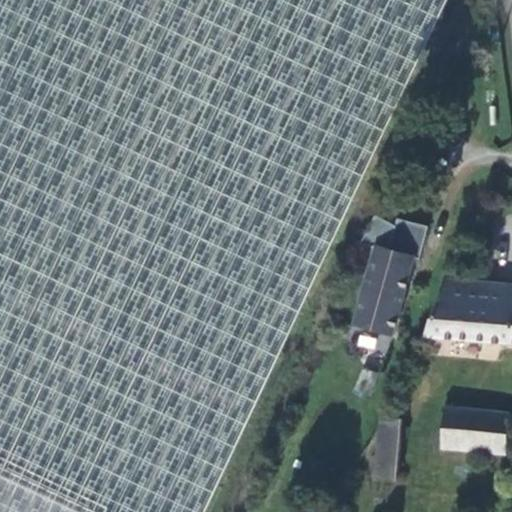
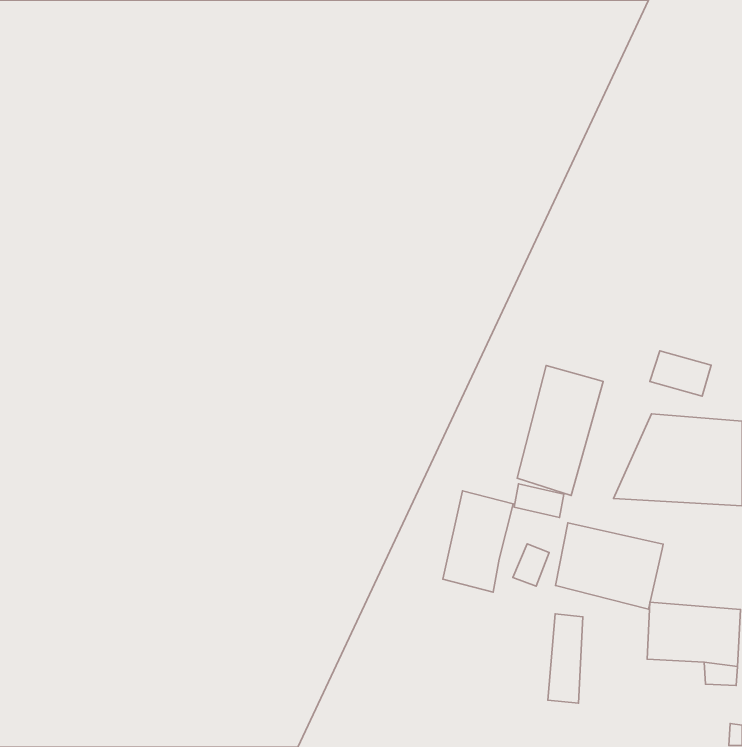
building: [374,229,416,260] -> [650,351,711,396]
building: none -> [443,491,513,592]
building: none -> [556,523,663,609]

